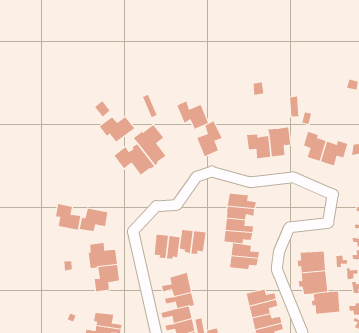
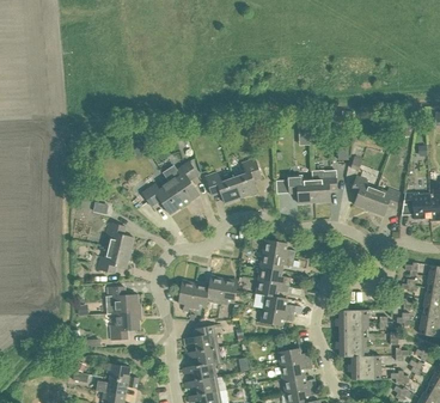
building: [176,101,209,129] -> [206,171,240,203]
building: [99,116,135,143] -> none
building: [55,203,81,230] -> [105,221,134,252]

